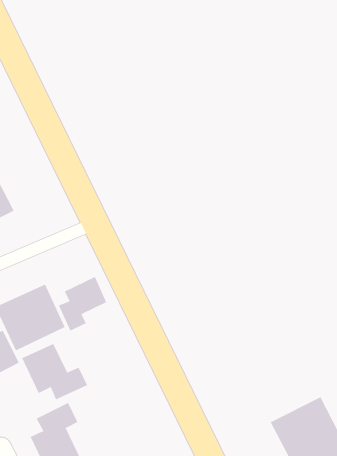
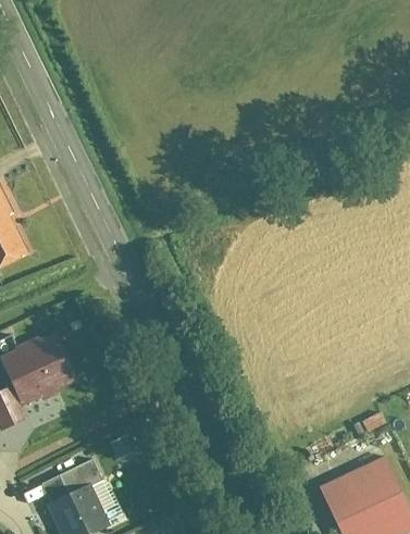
building: [58,276,107,331] -> none
building: [21,343,88,400] -> none

